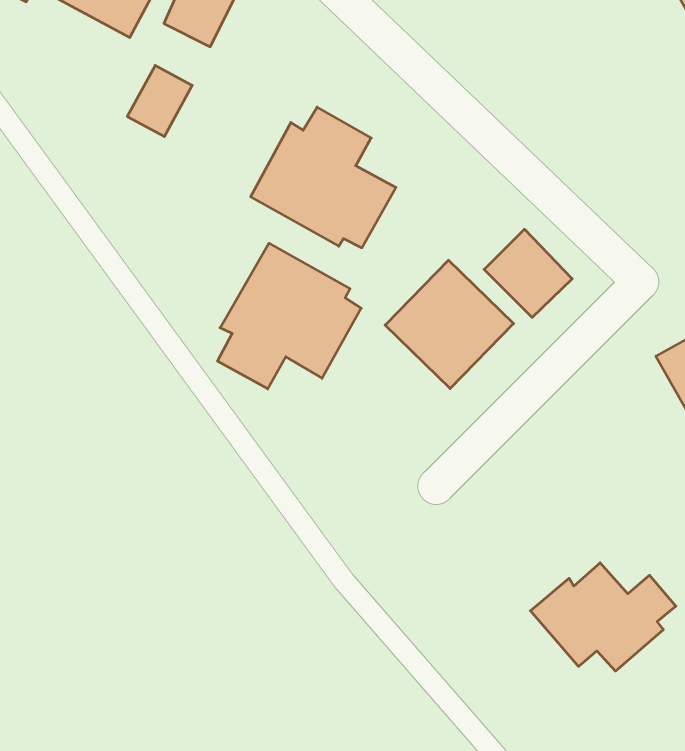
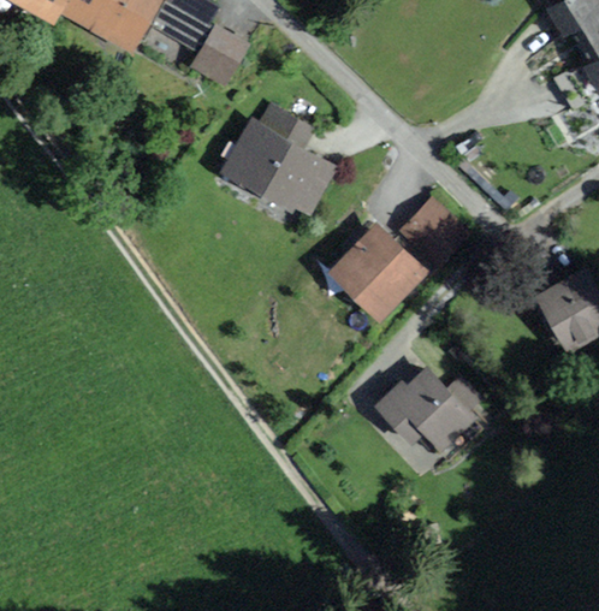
building: [127,65,192,137] -> [196,28,247,83]
building: [218,243,361,389] -> none
building: [530,563,676,671] -> [374,367,487,451]

